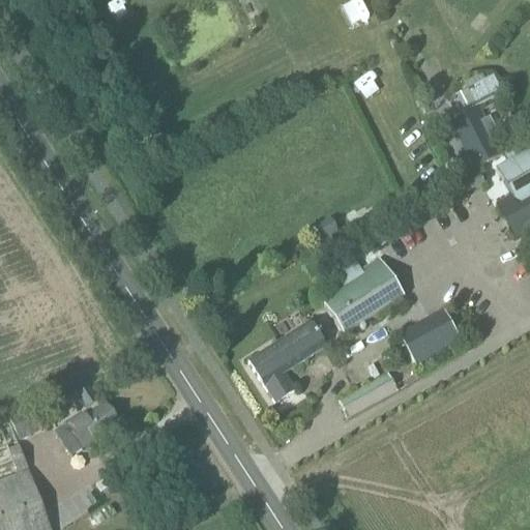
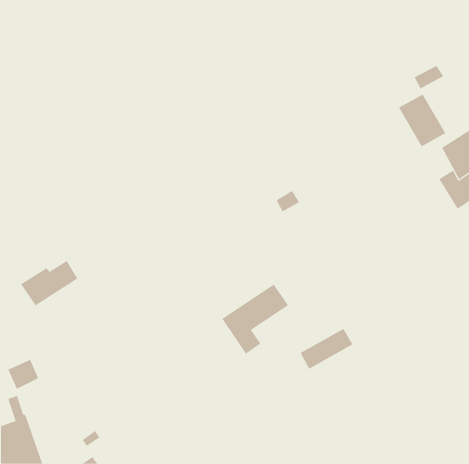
building: [318,255,405,334] -> none
building: [394,308,462,365] -> none
building: [54,402,119,453] -> [20,260,78,306]

